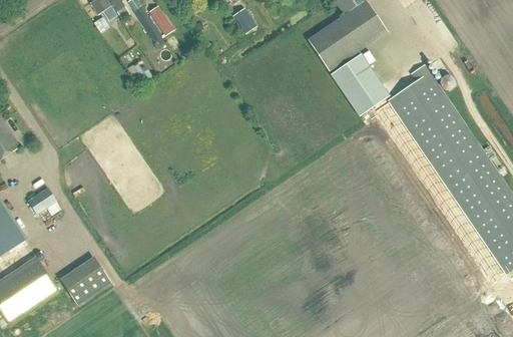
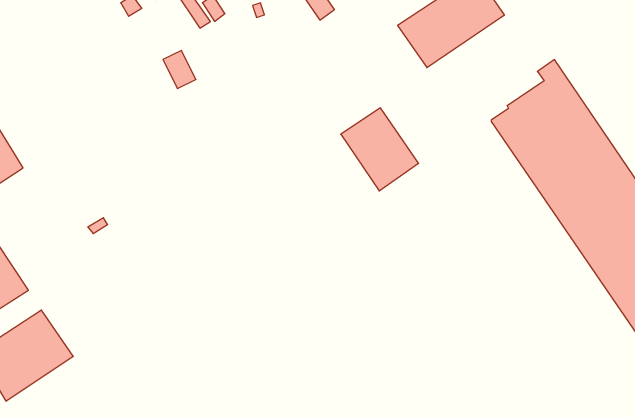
building: [331,52,390,115] -> [341,108,419,191]
building: [28,187,57,213] -> none
building: [54,255,106,304] -> none

